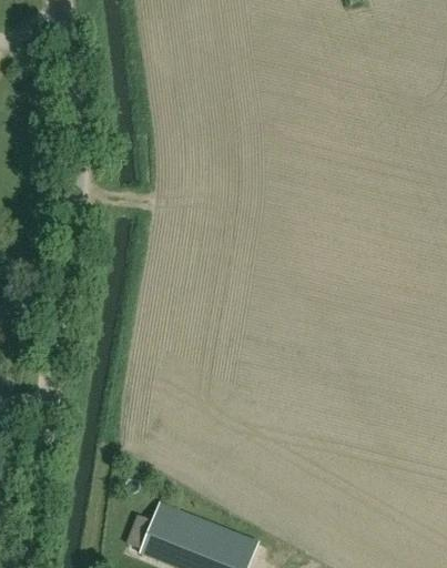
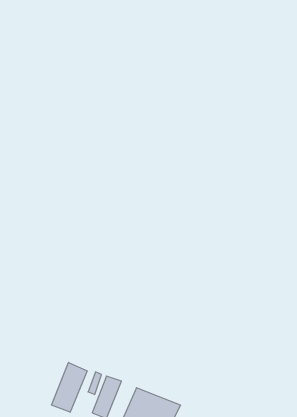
building: none -> [52,362,87,412]

